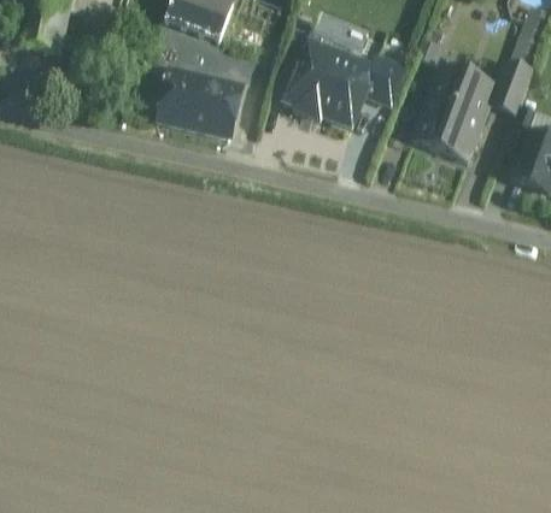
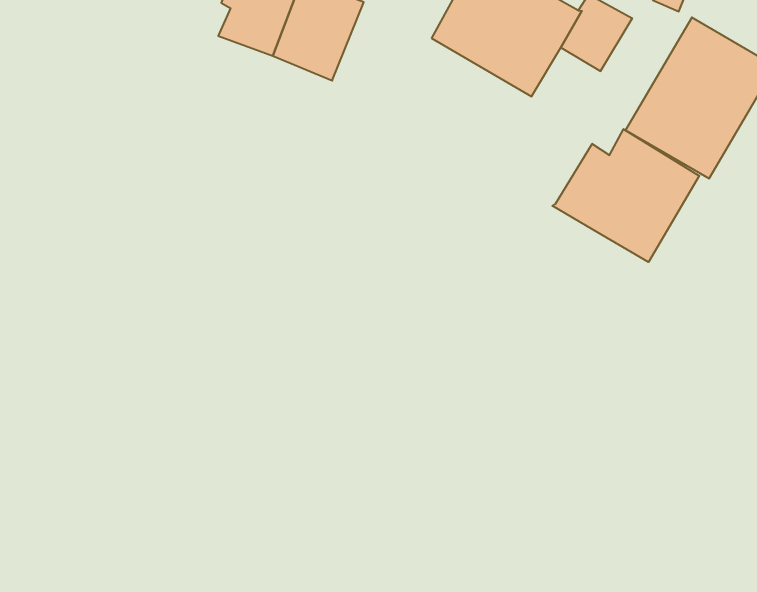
building: none -> [552,129,699,262]

